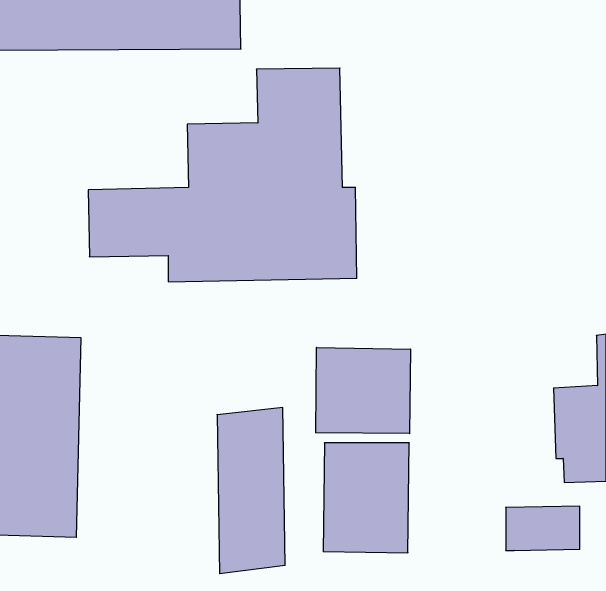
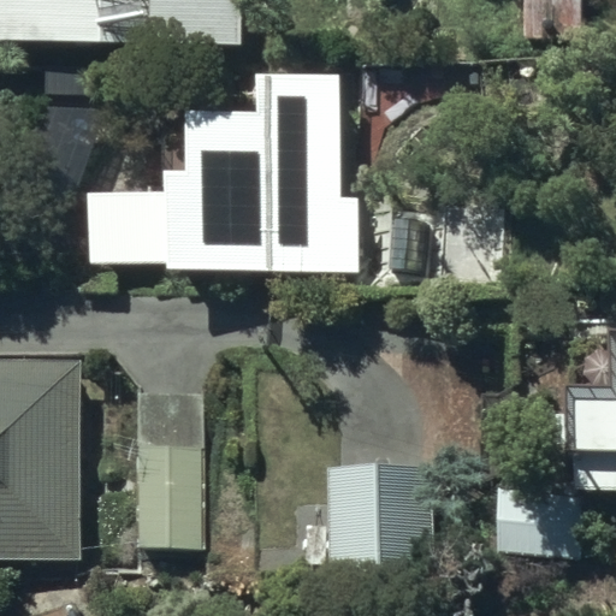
building: [316,347,410,434] -> none
building: [217,408,285,574] -> [135,381,203,549]

